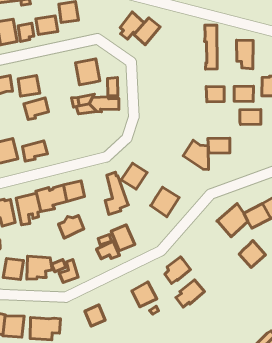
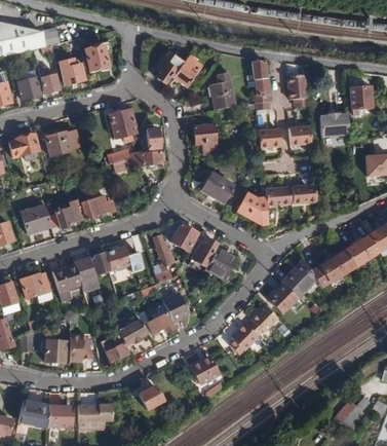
building: none -> [209,72,235,109]
building: none -> [194,124,219,153]
building: [24,98,49,120] -> [81,194,110,220]
building: [240,110,261,125] -> [293,184,317,202]
building: none -> [201,172,233,202]
building: none -> [192,237,219,267]
building: [59,216,84,238] -> [120,318,149,344]
building: [239,240,266,268] -> [269,282,299,312]
building: [176,280,204,307] -> [246,305,278,337]

